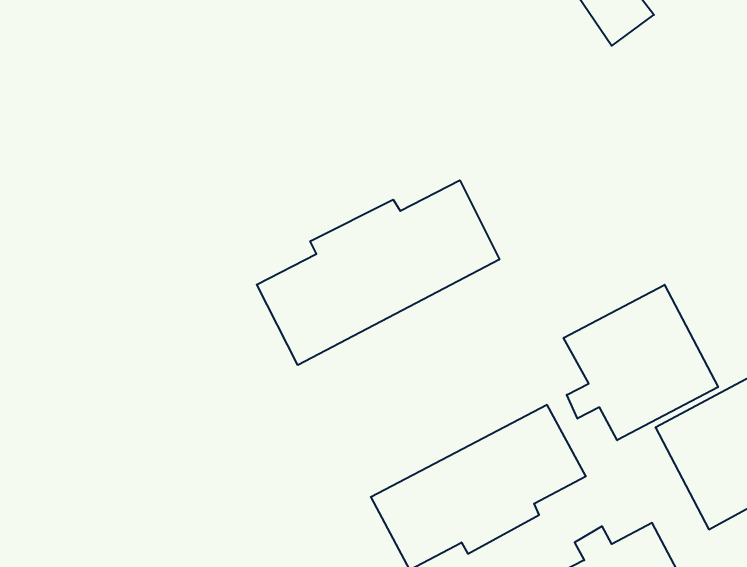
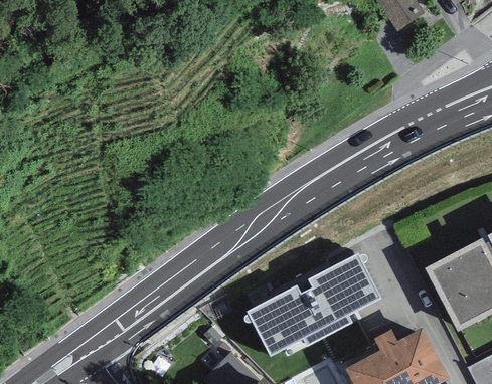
building: [257,180,499,365] -> none
building: [564,285,718,440] -> none

